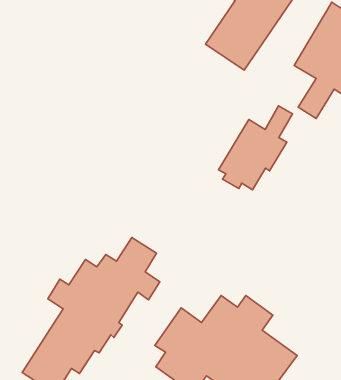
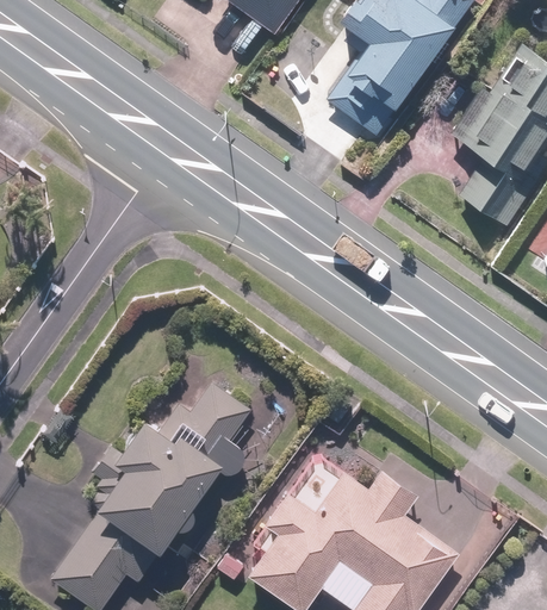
building: [219,106,293,190] -> none

